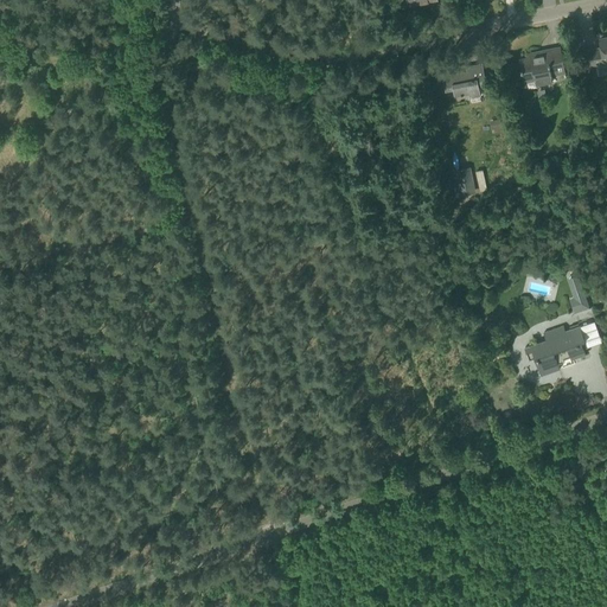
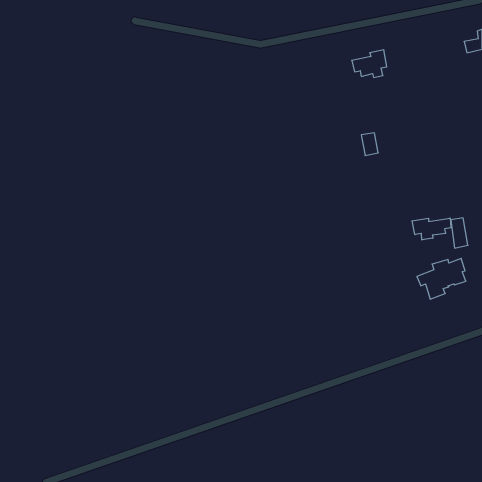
building: [519,47,564,84] -> none
building: none -> [412,218,451,240]

